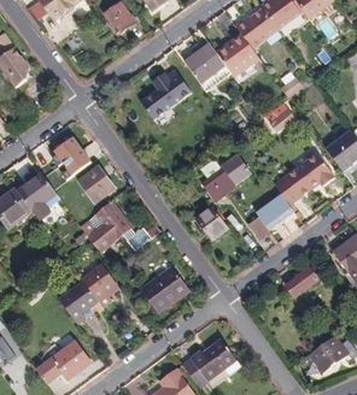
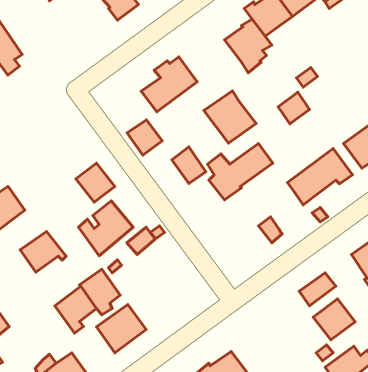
building: [183,43,232,92] -> [204,91,256,143]
building: [54,136,87,169] -> [127,120,162,155]
building: [17,172,59,210] -> [20,231,66,272]
building: [256,194,292,228] -> none
building: [195,205,227,238] -> [172,147,206,184]
building: [142,267,188,312] -> [97,305,146,353]
building: none -> [313,299,355,340]

